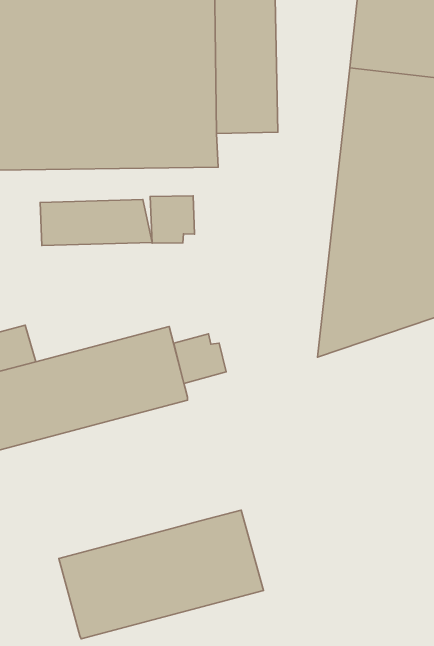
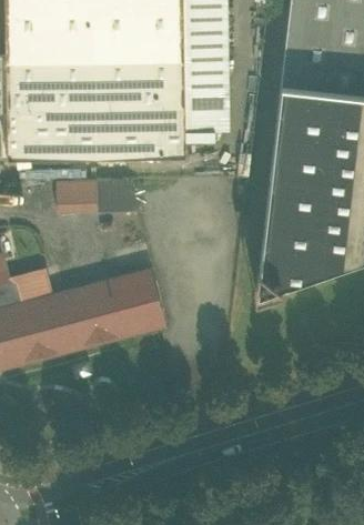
building: [150,196,194,243] -> none
building: [174,334,226,384] -> none
building: [59,510,263,639] -> none

